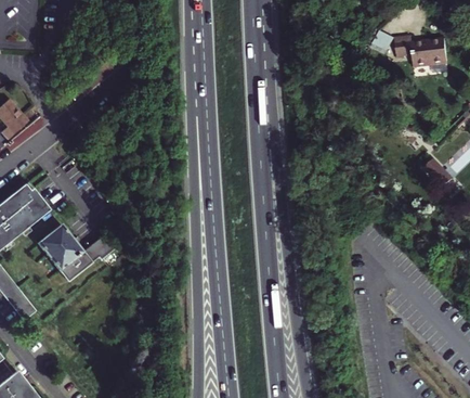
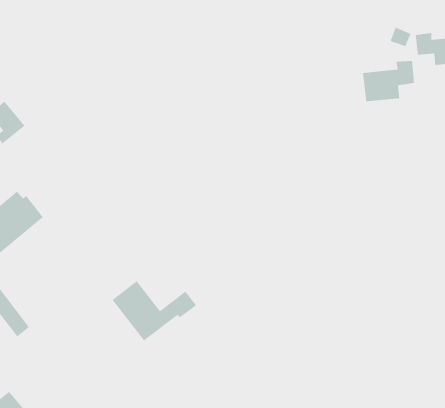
building: none -> [362,60,415,102]
building: [37,223,117,281] -> [112,280,197,341]

